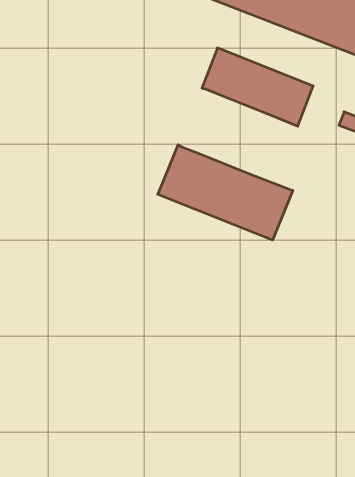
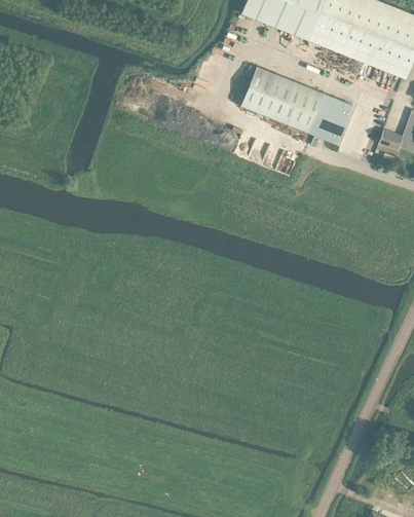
building: [158,145,293,240] -> none

